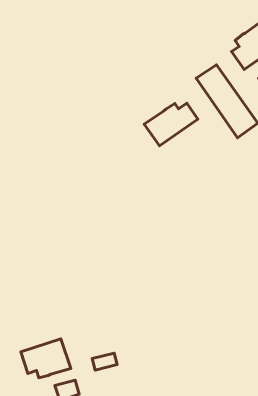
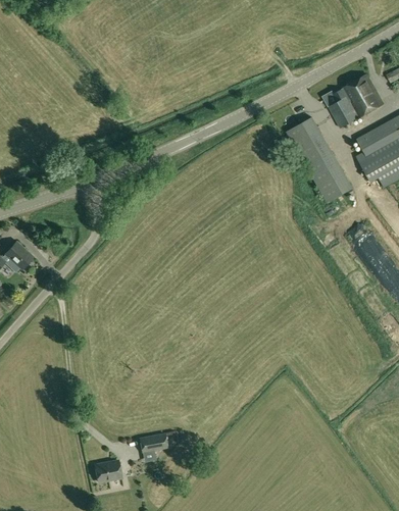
building: [144,103,198,146] -> none
building: [21,339,71,378] -> none

